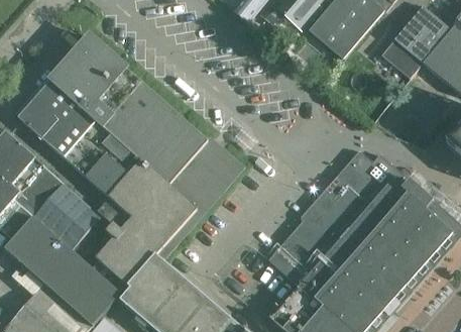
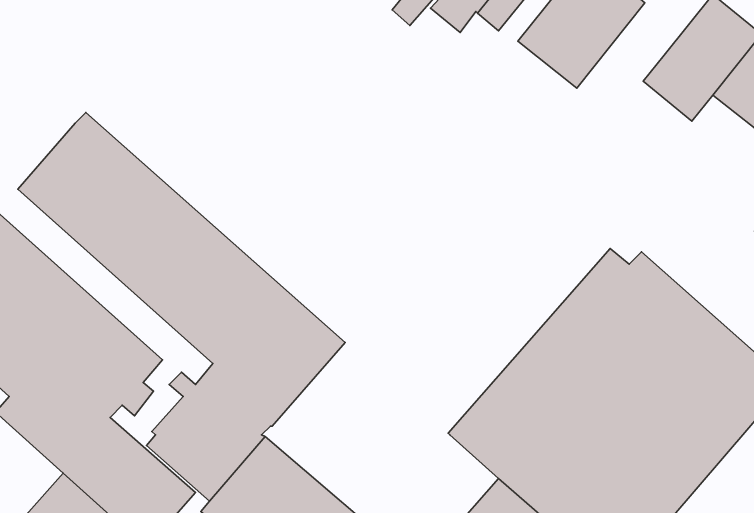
building: [60,35,245,206] -> none

